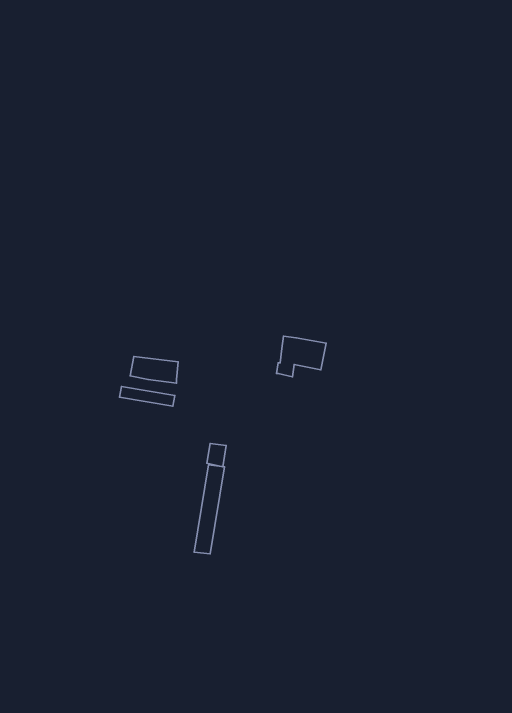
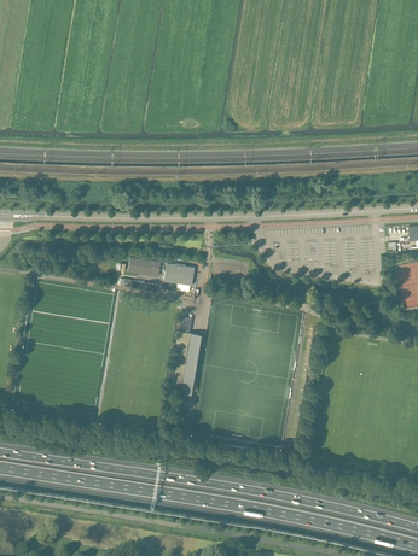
building: [277,336,326,377] -> [162,262,196,289]

